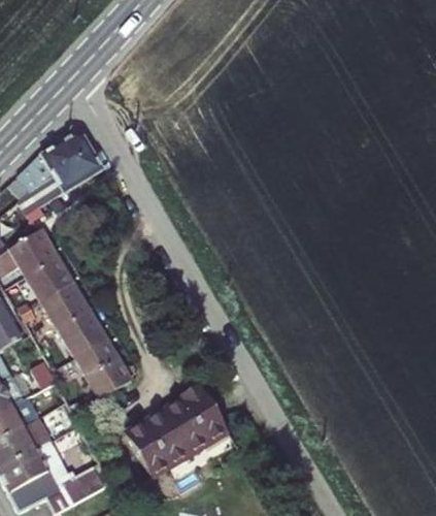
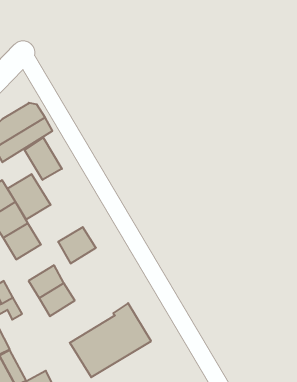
building: none -> [24,138,62,180]
building: none -> [7,174,51,219]
building: [59,310,106,355] -> [58,227,96,263]

